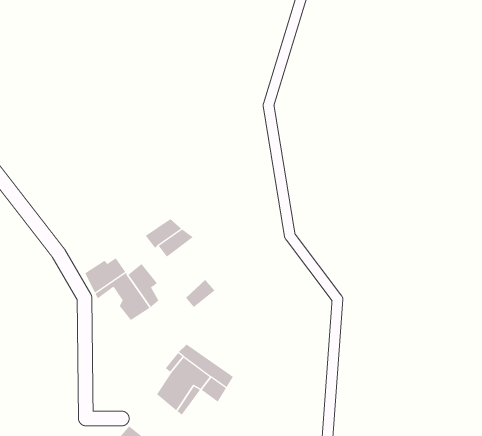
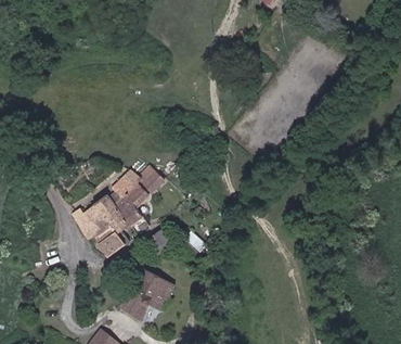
building: none -> [135,163,167,190]
building: none -> [94,195,140,225]

